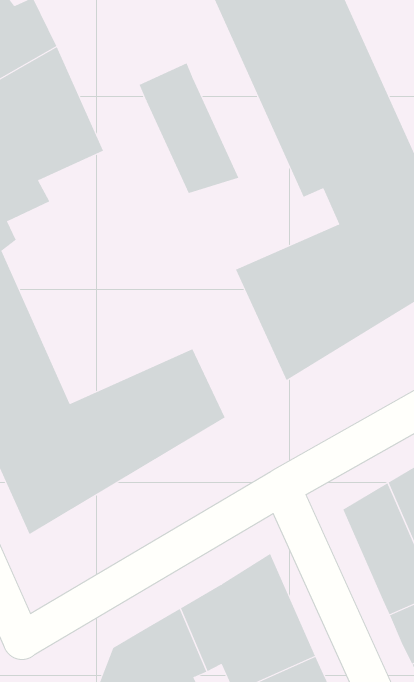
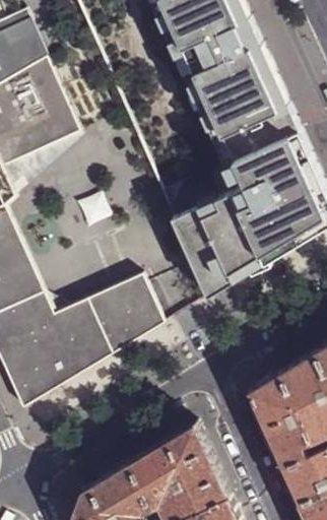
building: [139,63,239,194] -> none

